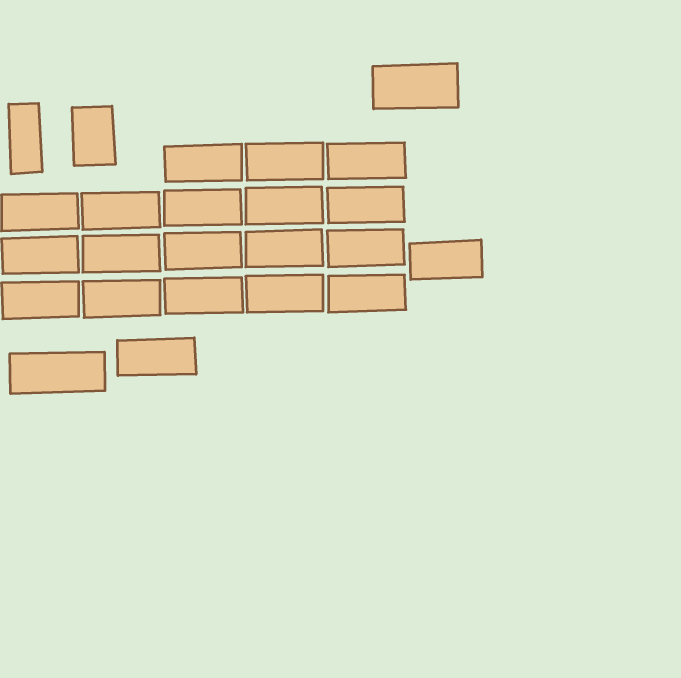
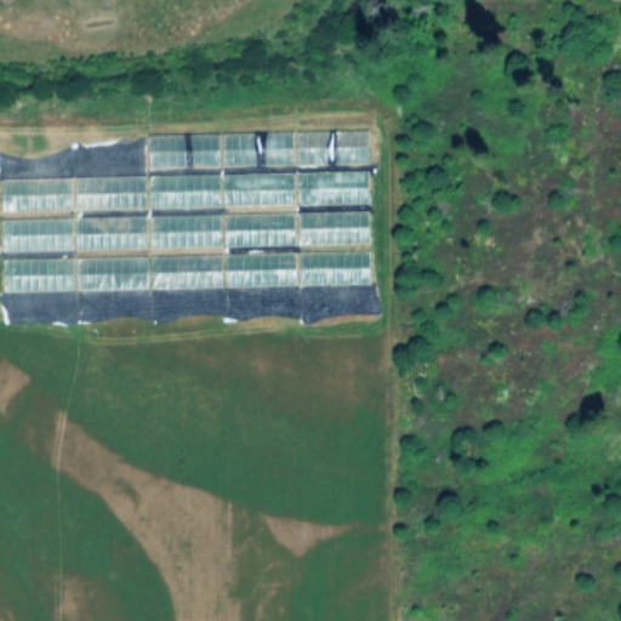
building: [373,63,458,109] -> none
building: [9,103,42,174] -> none
building: [72,106,115,166] -> none
building: [410,240,482,280] -> none
building: [117,338,196,376] -> none
building: [10,352,105,394] -> none

